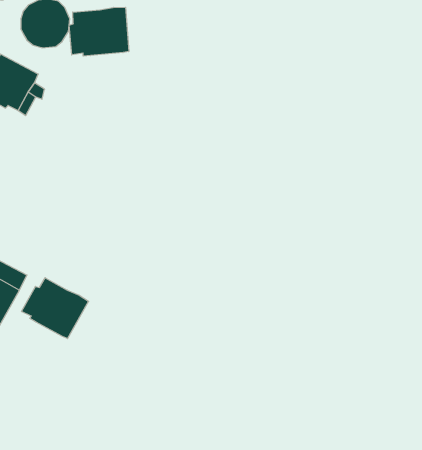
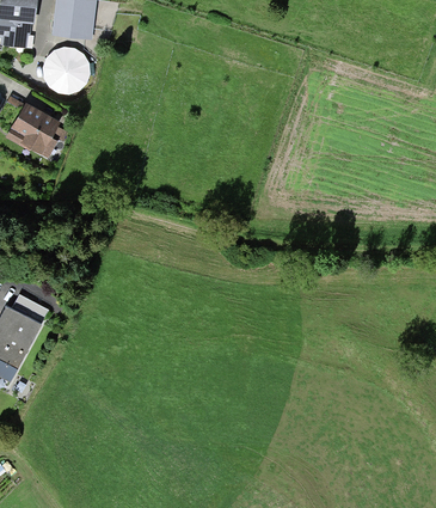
building: [69,7,129,56] -> none
building: [22,278,89,339] -> none

